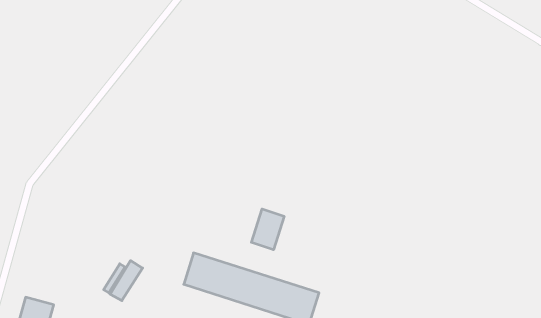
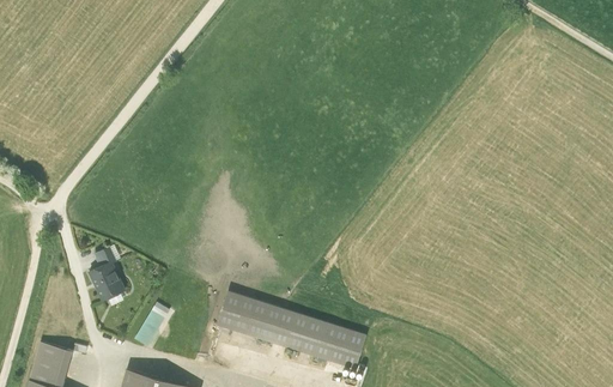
building: [251,209,284,250] -> none
building: none -> [84,244,122,302]

